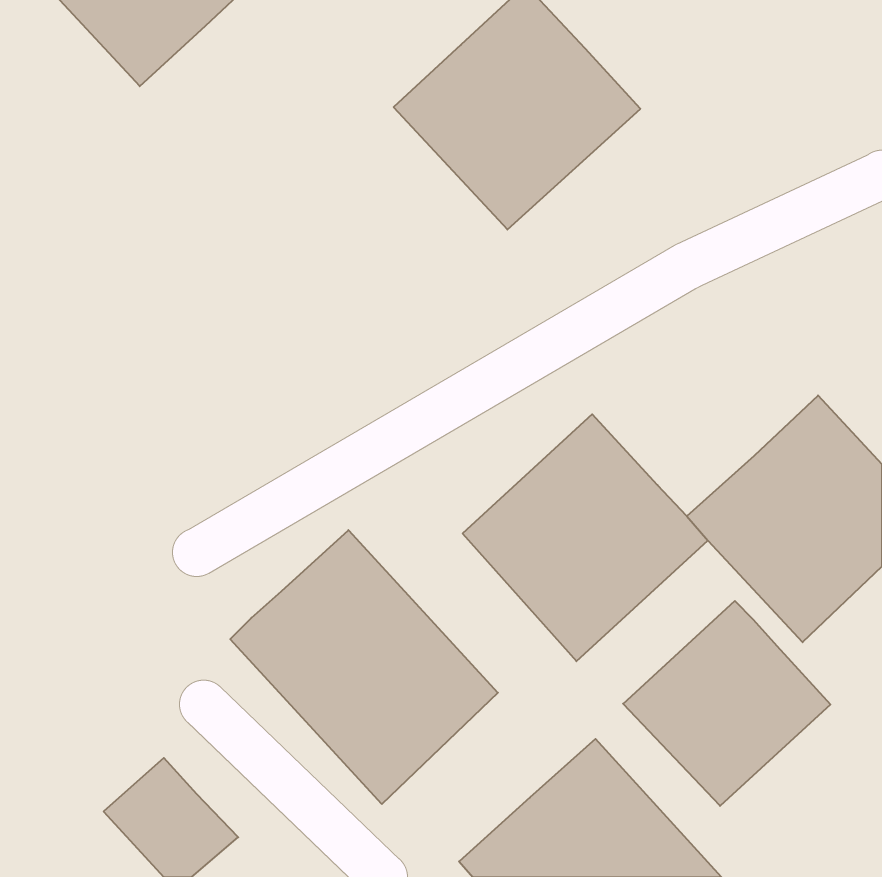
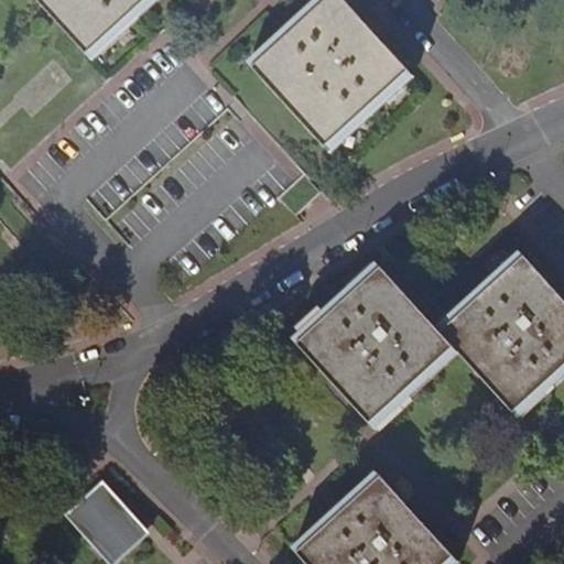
building: [230,530,498,804] -> none
building: [623,601,830,806] -> none

